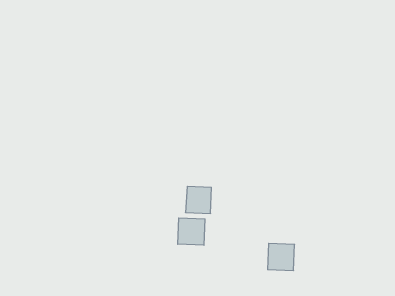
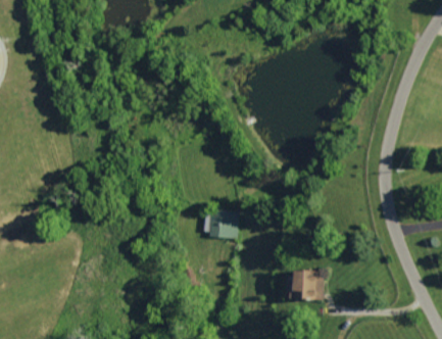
building: [178,218,205,245] -> none

